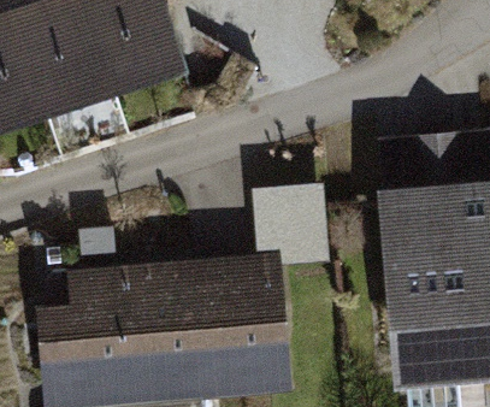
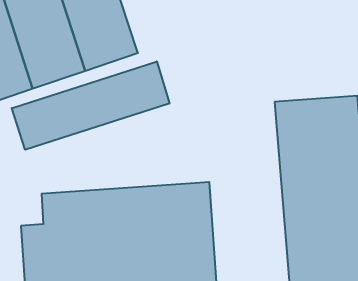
building: none -> [12,61,169,150]

